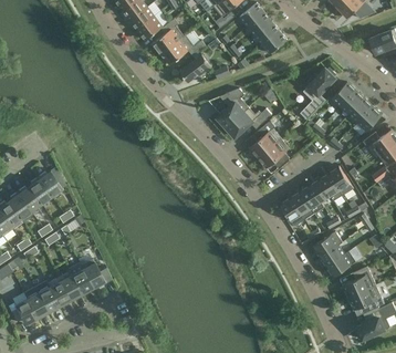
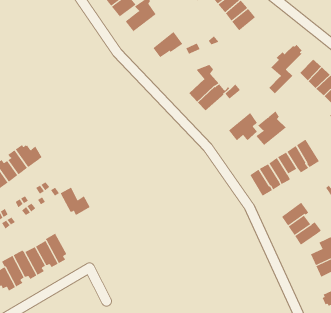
building: [160,35,206,65] -> none
building: [249,121,281,157] -> [255,110,286,146]
building: [80,259,112,289] -> [60,187,91,216]

